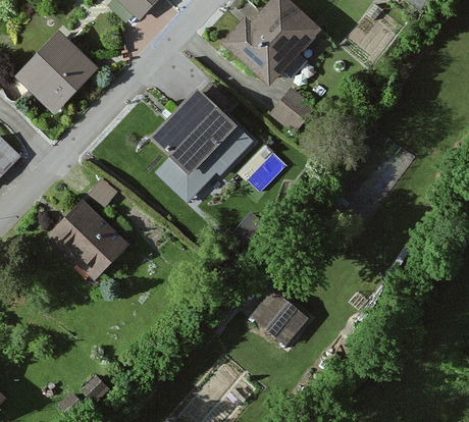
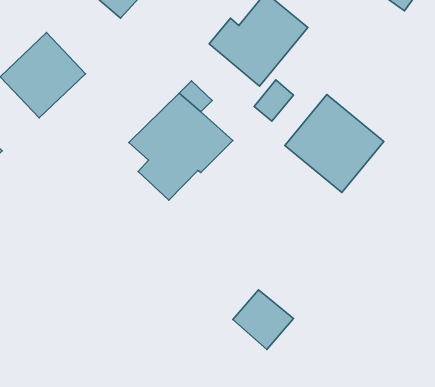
building: none -> [285,94,384,192]
building: [45,200,128,283] -> none

